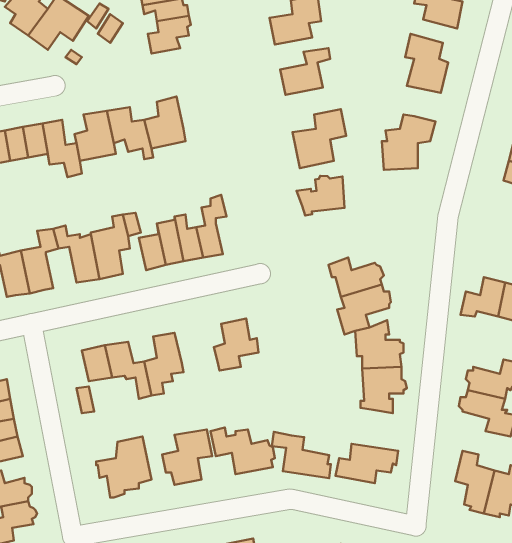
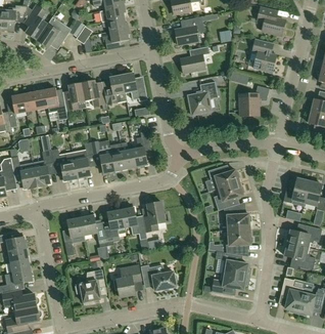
building: none -> [121,72,146,100]
building: [296,176,344,215] -> none
building: none -> [120,206,146,239]
building: [272,432,331,478] -> [215,250,248,277]

